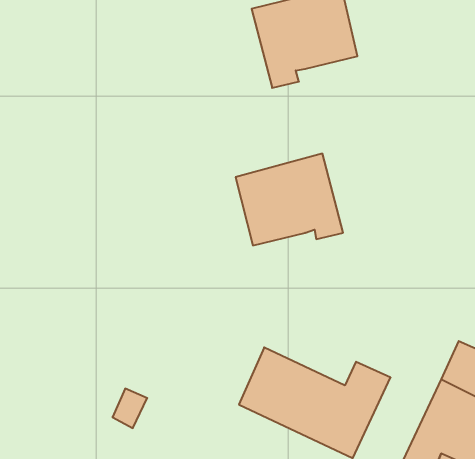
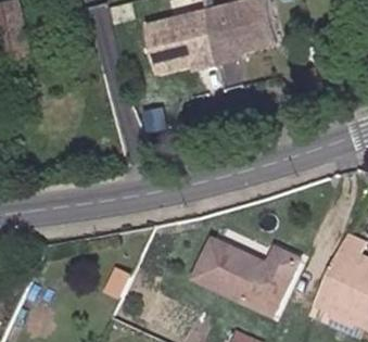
building: [236,154,343,245] -> [144,9,218,72]

